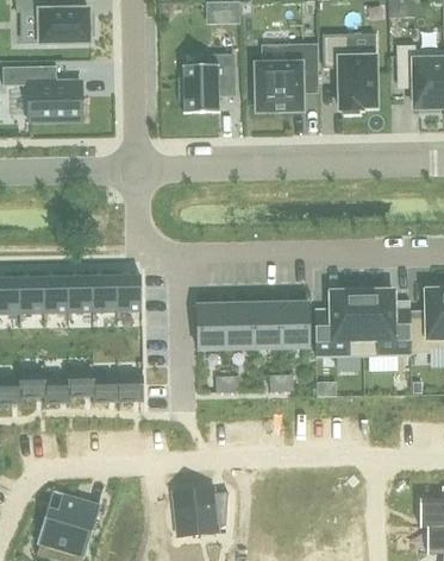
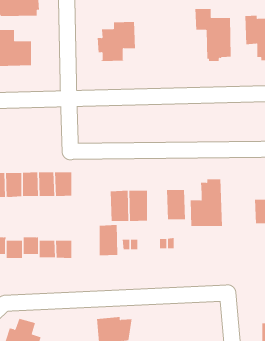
building: [255,43,318,109] -> none
building: [361,284,411,355] -> none
building: [252,301,281,347] -> [99,225,118,256]

